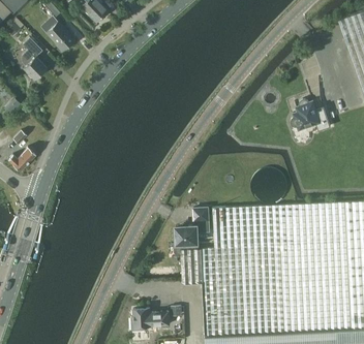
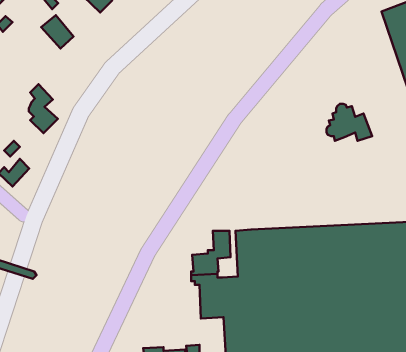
building: [23,37,48,80] -> [29,84,58,133]

